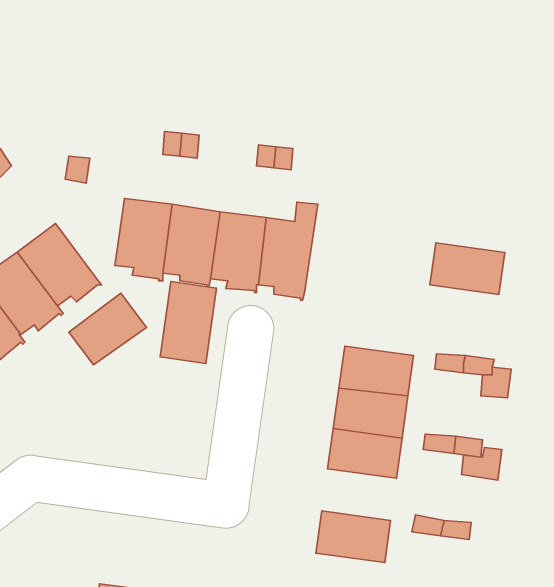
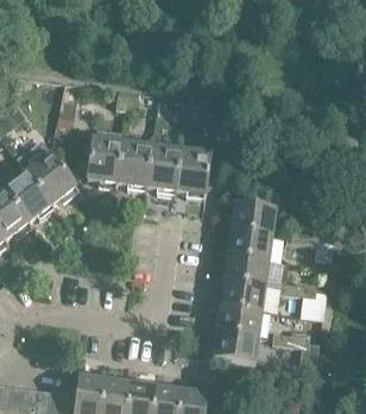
building: [430,243,505,295] -> [231,202,277,234]
building: [160,281,217,363] -> none
building: [69,293,147,365] -> none
building: none -> [216,305,263,337]

